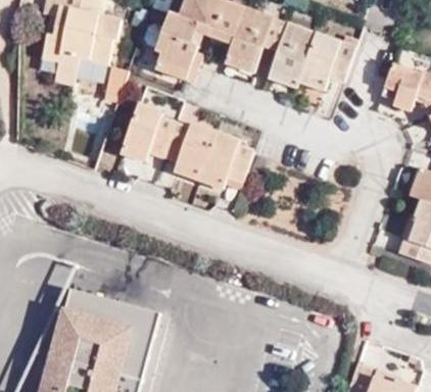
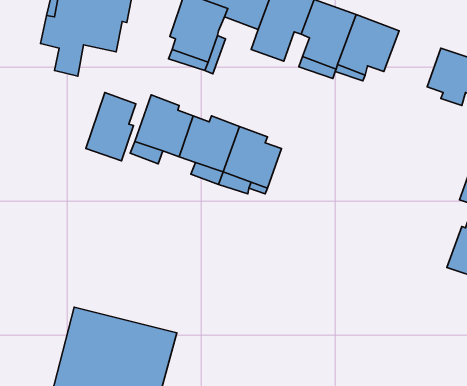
building: none -> [86,93,136,161]

